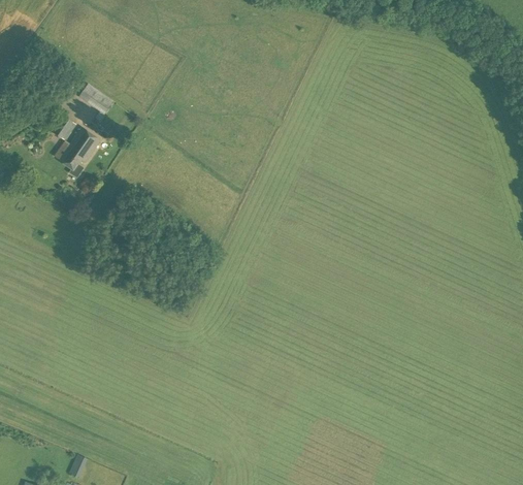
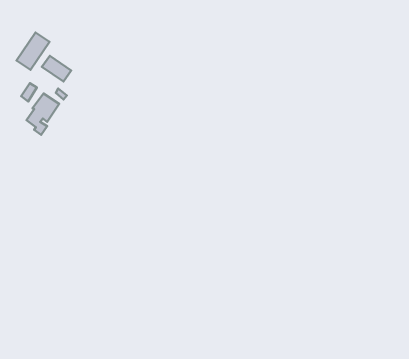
building: none -> [16,32,49,70]

